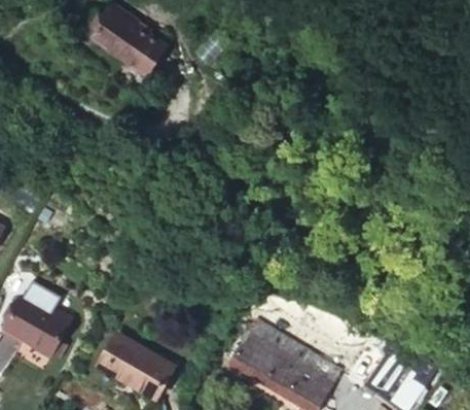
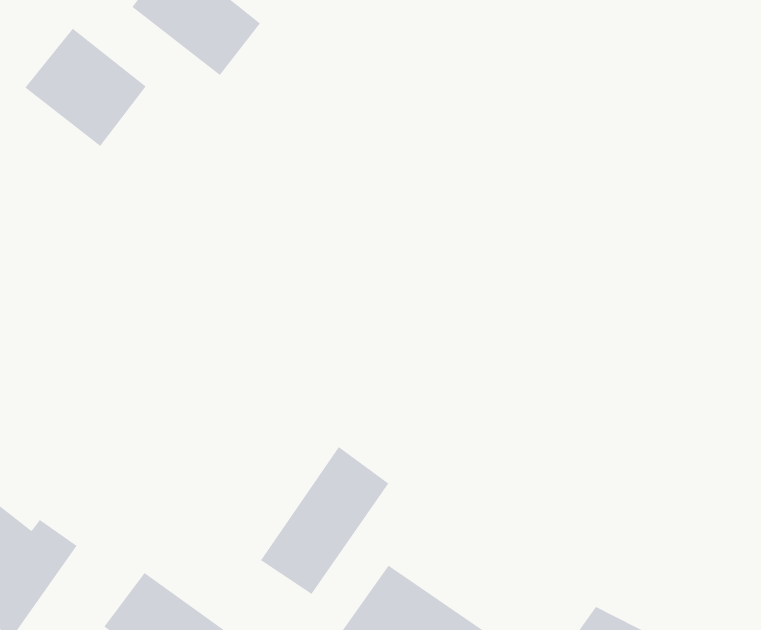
building: none -> [25,28,147,147]
building: none -> [260,446,389,595]

